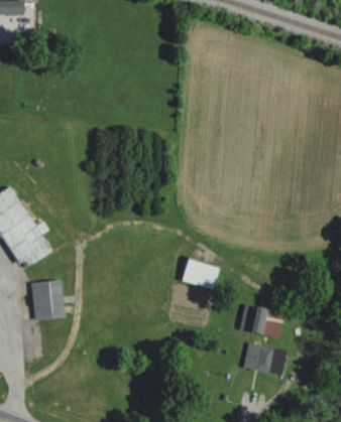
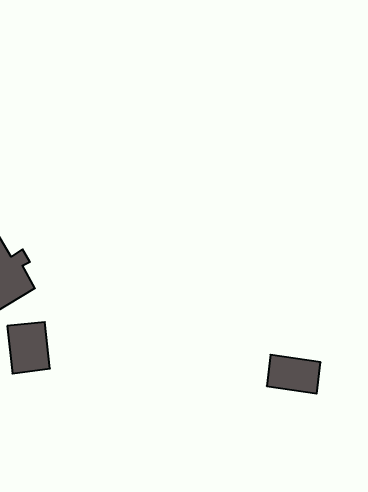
building: [180,258,217,289] -> none
building: [243,342,286,375] -> none

